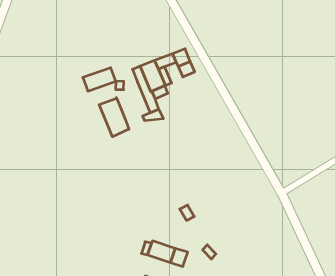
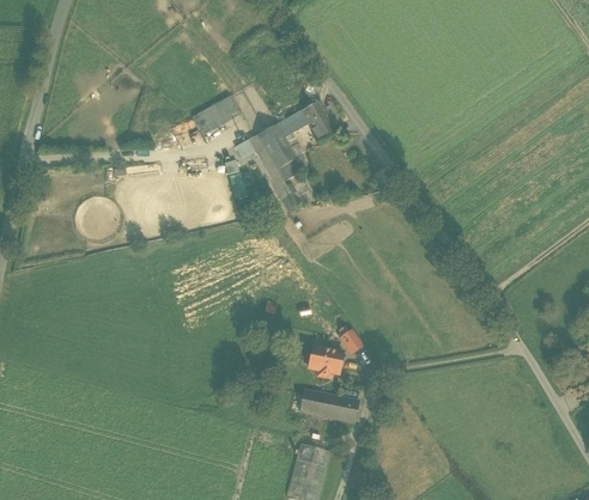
building: [83,68,116,91] -> [190,94,239,133]
building: [99,98,129,137] -> none
building: none -> [310,347,344,372]

